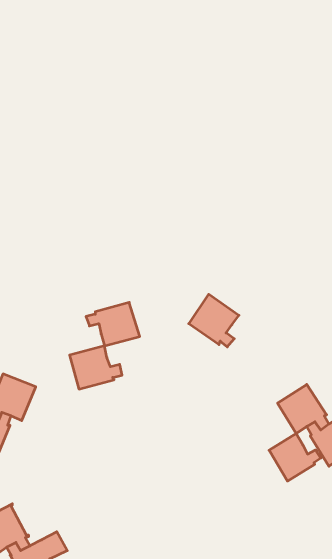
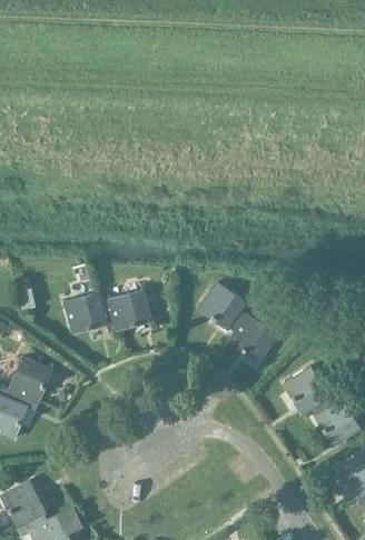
building: none -> [228,310,276,360]
building: [70,346,122,389] -> [65,291,115,332]
building: [269,434,321,481] -> none

